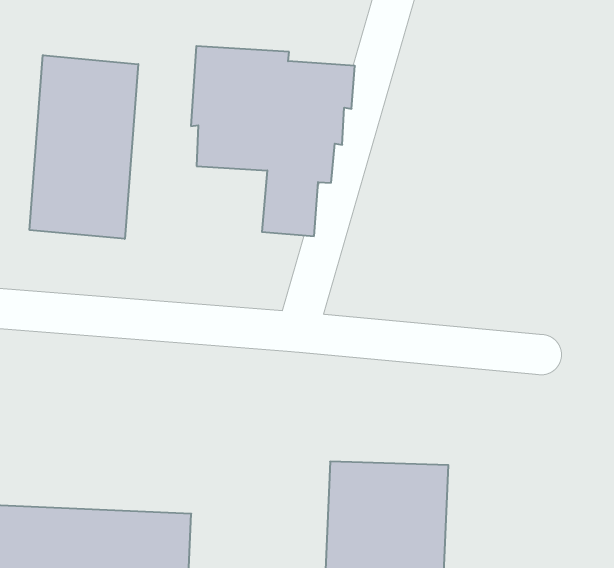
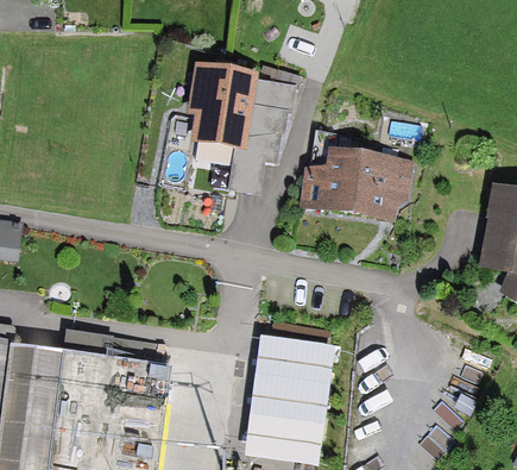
building: [30,55,138,239] -> none
building: none -> [302,131,417,217]

